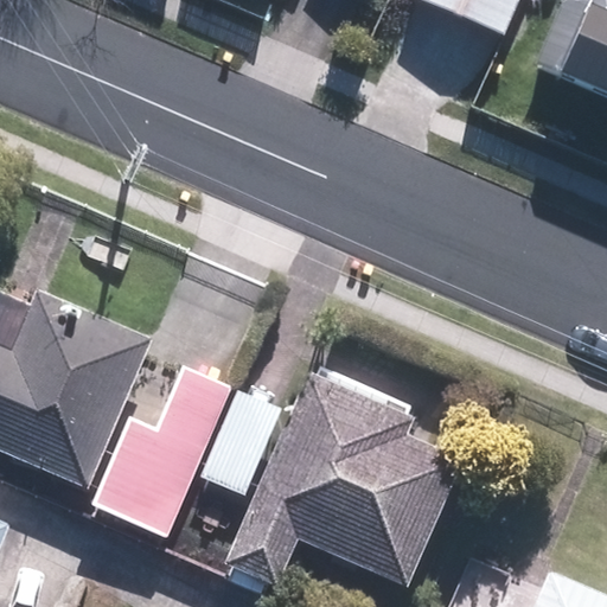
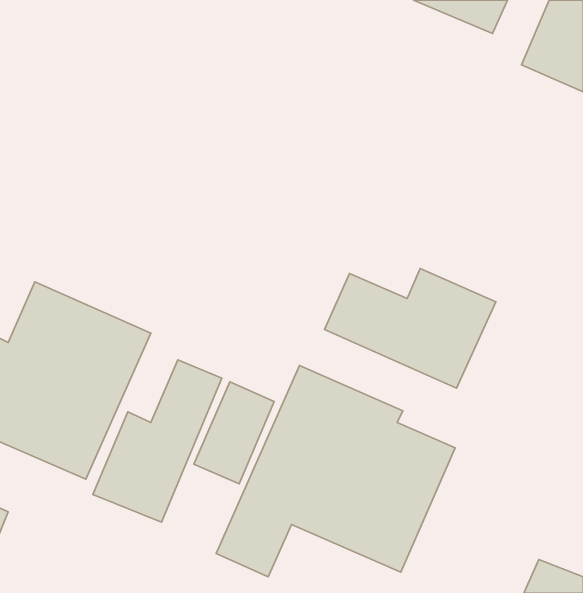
building: none -> [325,269,496,388]

